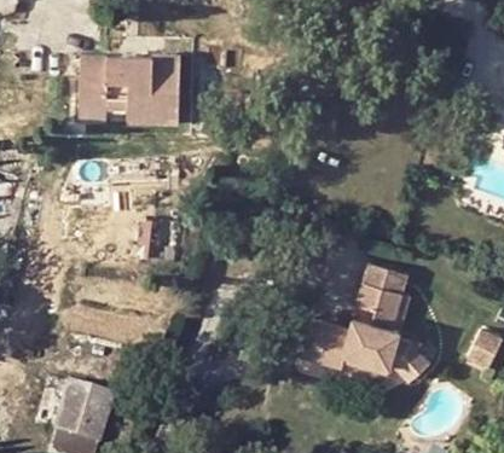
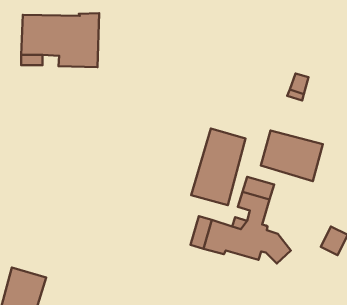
building: none -> [191,129,246,205]
building: none -> [261,131,323,181]

